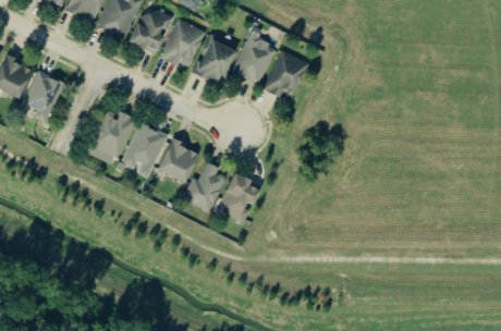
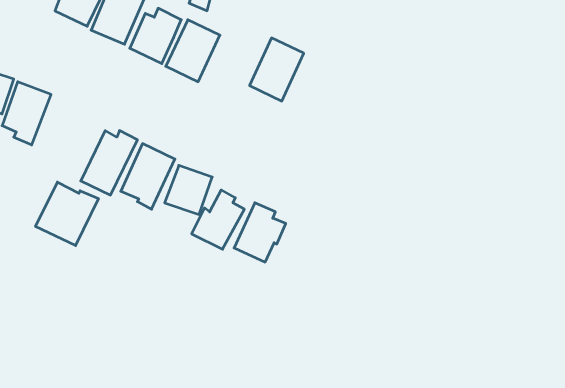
building: [194,38,236,84] -> none
building: [262,50,308,97] -> none
building: none -> [36,182,98,246]

